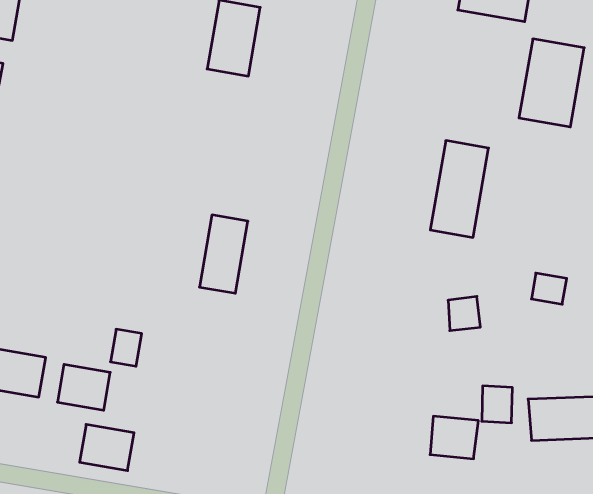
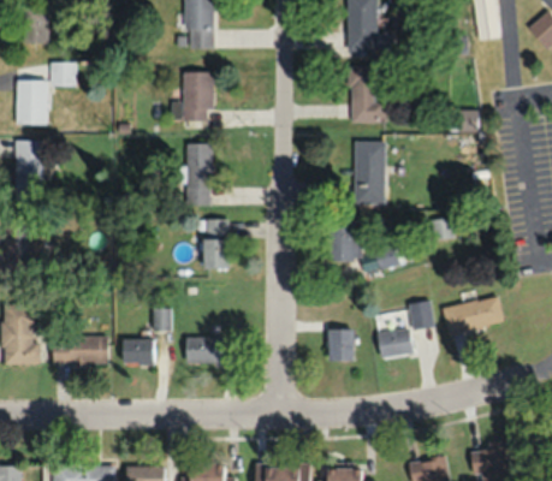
building: [519,39,584,127] -> [350,67,386,123]
building: none -> [186,144,213,206]
building: none -> [330,220,361,260]
building: none -> [328,329,354,361]
building: [80,424,134,471] -> [185,338,219,364]

